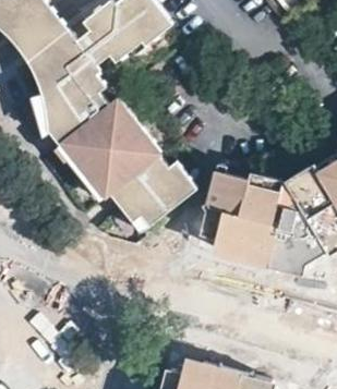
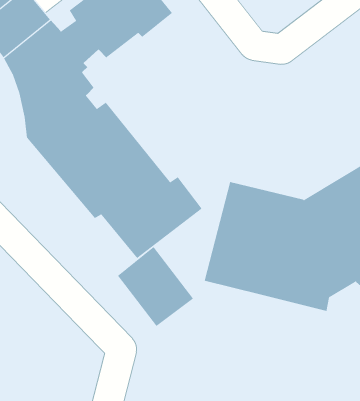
building: none -> [117,246,194,327]

